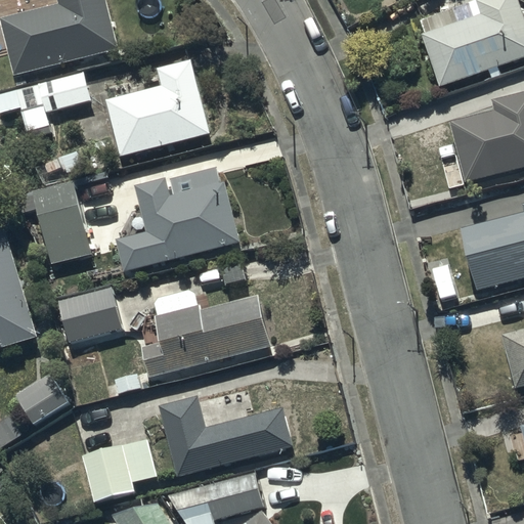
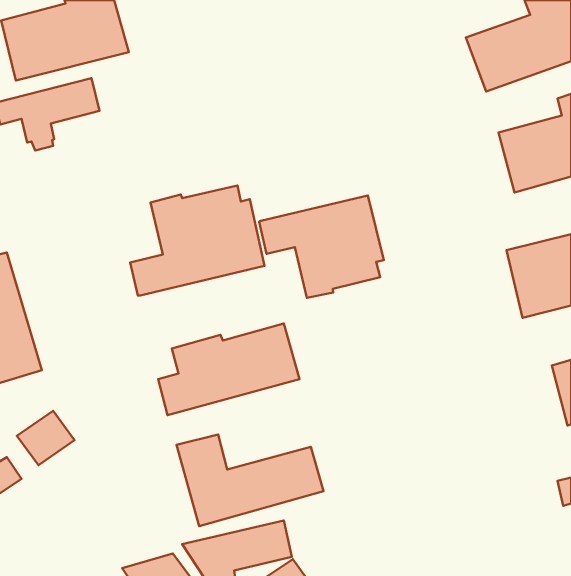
building: [106,61,209,157] -> none
building: none -> [259,196,384,298]
building: [33,180,93,265] -> none
building: [57,286,122,345] -> none
building: [82,439,155,504] -> none

